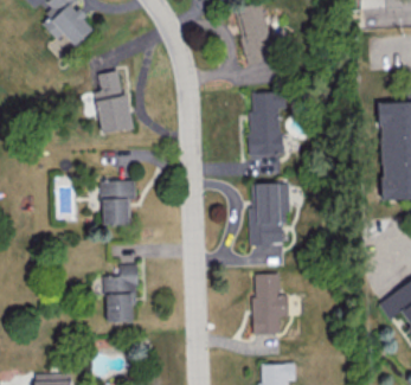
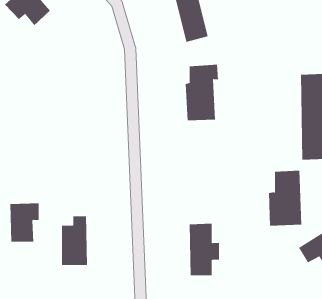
building: [95,71,130,134] -> none
building: [101,180,135,225] -> [9,203,39,242]
building: [249,182,288,246] -> [268,170,302,226]

